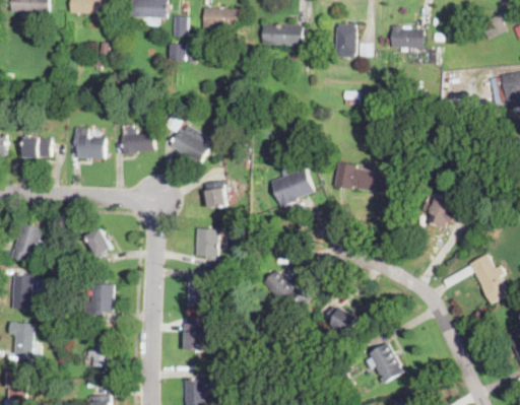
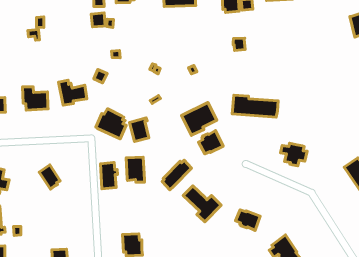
building: [171,124,209,162] -> [96,109,126,139]
building: [422,199,456,228] -> [281,143,307,166]
building: none -> [198,131,223,154]
building: none -> [162,160,191,190]
building: [187,278,208,310] -> [100,163,118,189]
building: [81,283,115,314] -> none

